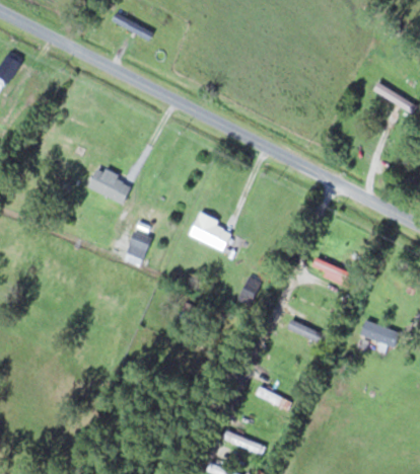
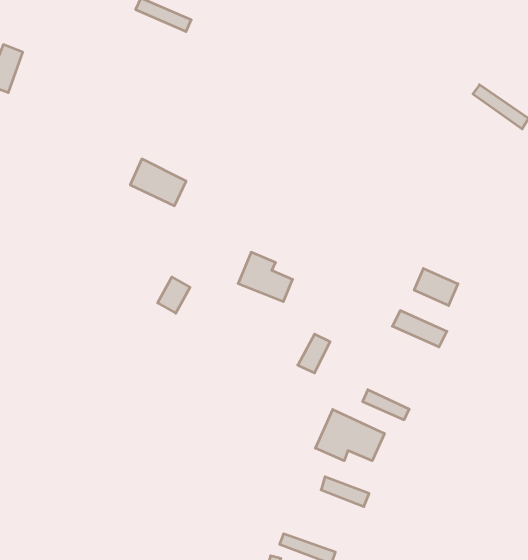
building: [87,167,131,204] -> [130,159,186,206]
building: none -> [414,268,458,306]
building: [359,320,399,346] -> none
building: none -> [315,409,384,461]

